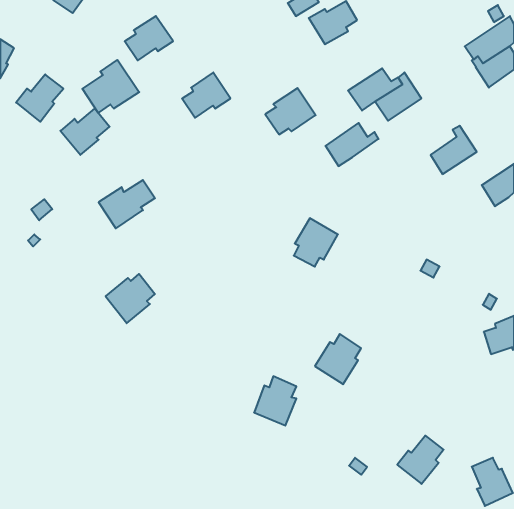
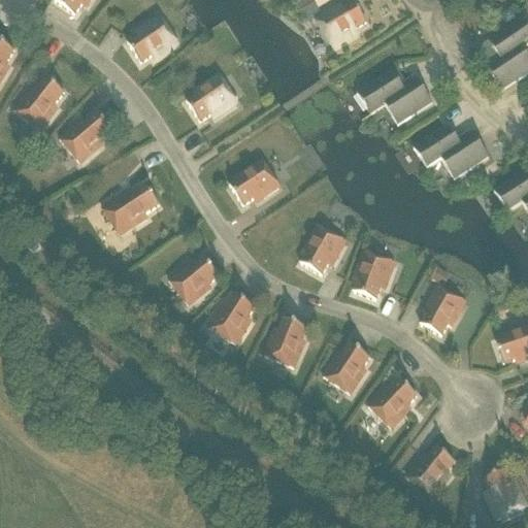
building: [82,60,139,113] -> none
building: [265,88,316,134] -> [229,158,280,205]
building: [325,123,379,166] -> [414,124,468,168]
building: none -> [354,250,396,298]
building: [106,274,155,323] -> [168,256,219,306]
building: none -> [421,285,467,334]
building: none -> [207,293,256,344]
building: none -> [367,378,418,429]
building: [254,376,296,426] -> [264,318,307,368]

